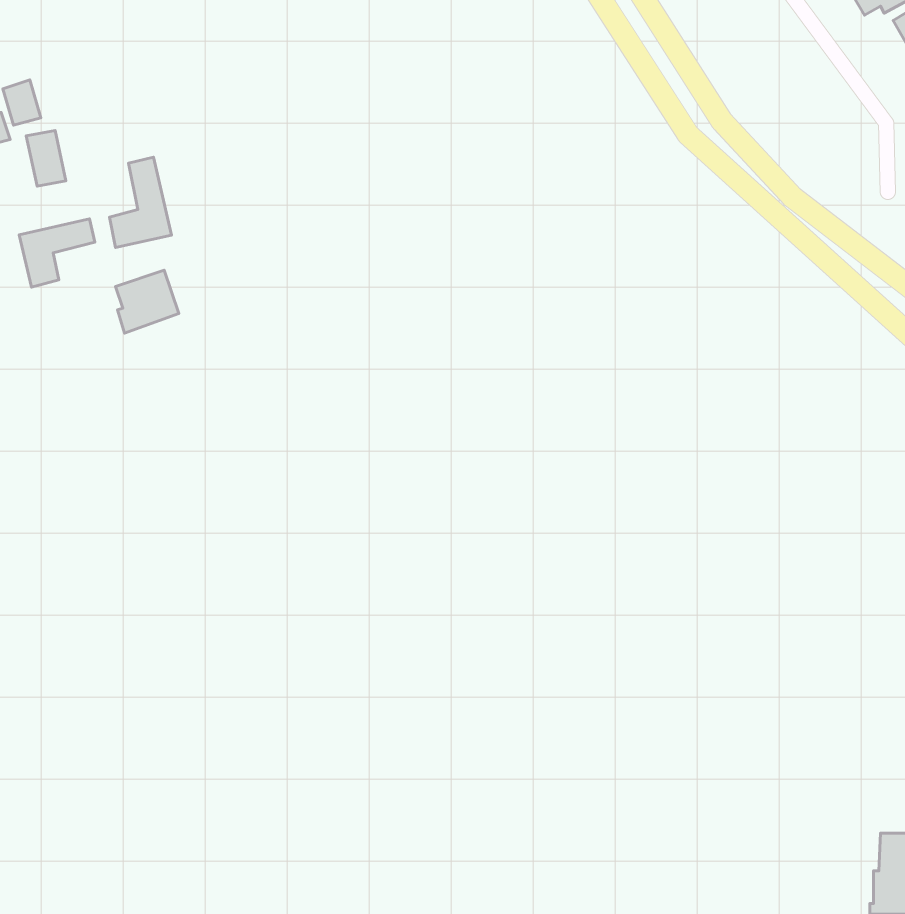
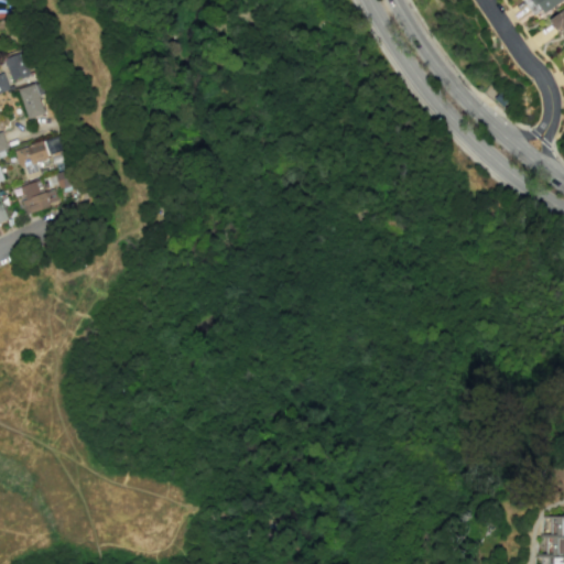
building: [109,157,172,248] -> none
building: [116,270,179,333] -> [21,176,59,215]

